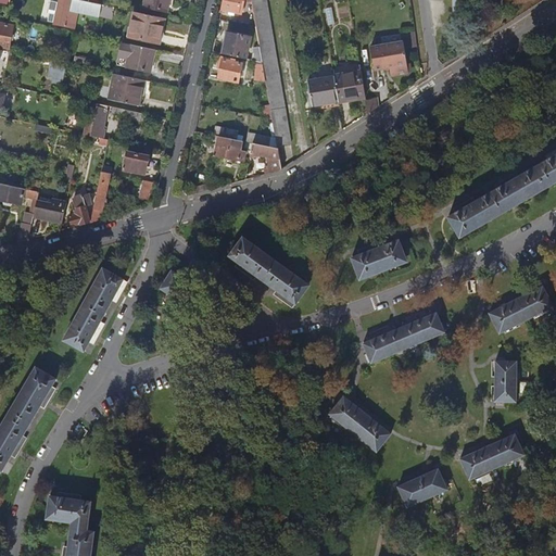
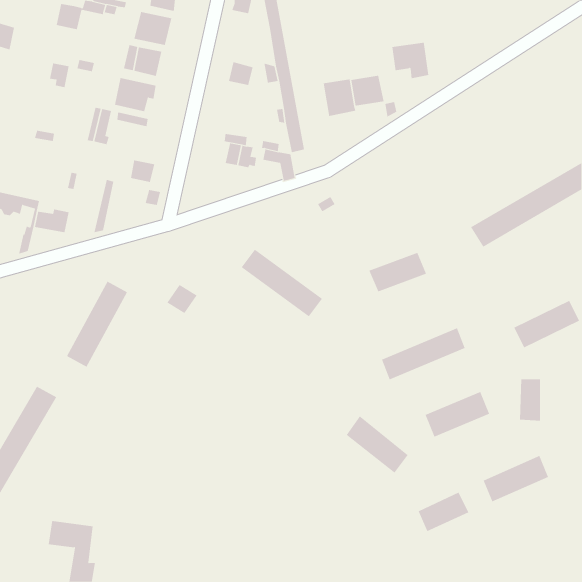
building: [222,33,249,59] -> none
building: [68,193,91,227] -> none
building: none -> [425,391,490,438]

